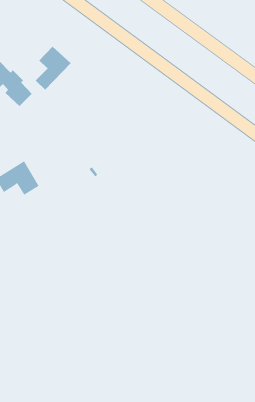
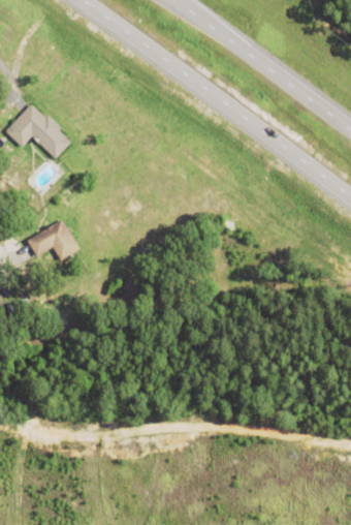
building: [35,46,71,91] -> none

